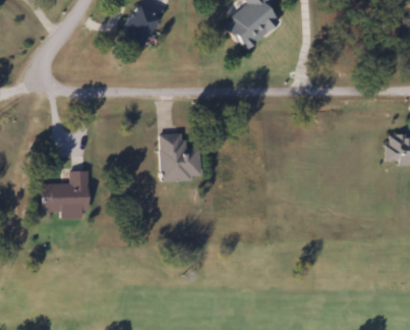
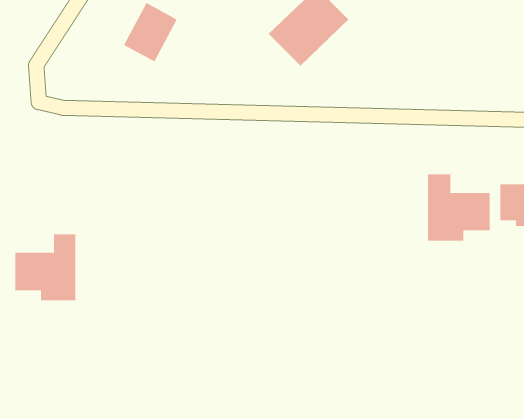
building: none -> [428,173,490,241]
building: [160,133,197,181] -> none

